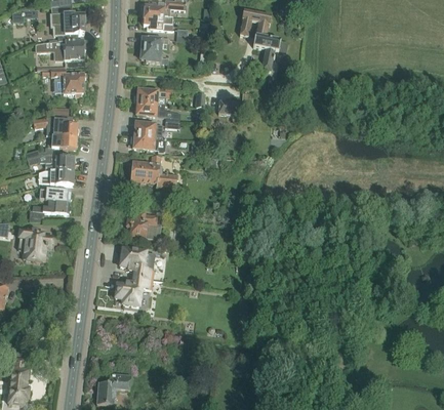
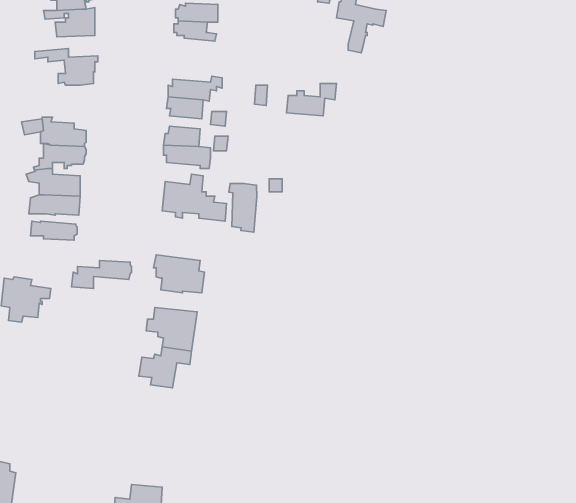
building: none -> [229,184,257,232]
building: [29,200,71,219] -> [72,261,132,288]

